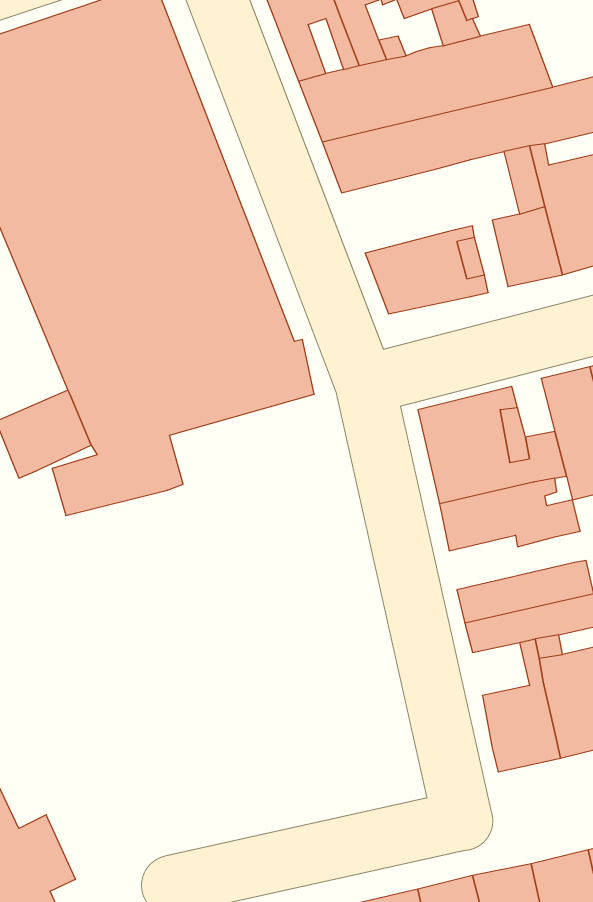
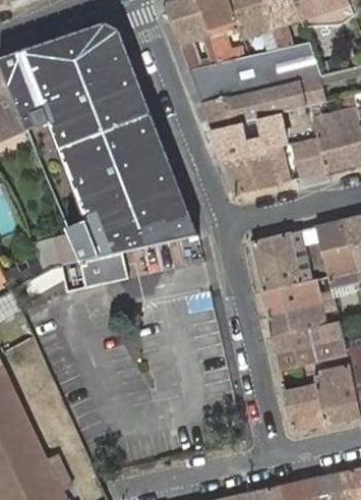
building: none -> [212,112,285,161]
building: none -> [267,308,333,336]

